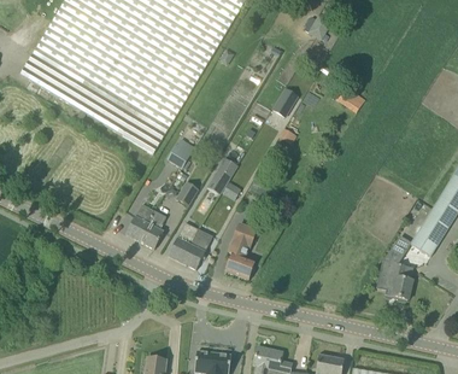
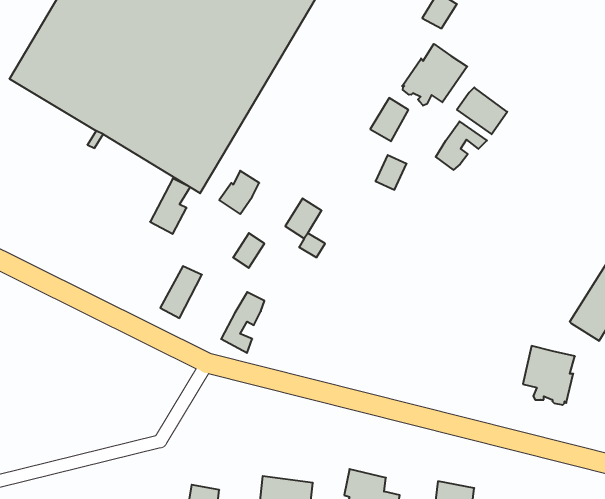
building: none -> [402,44,467,106]
building: none -> [436,121,487,170]
building: [139,210,166,249] -> [150,178,190,234]
building: [224,223,256,279] -> none
building: [181,228,212,269] -> none

